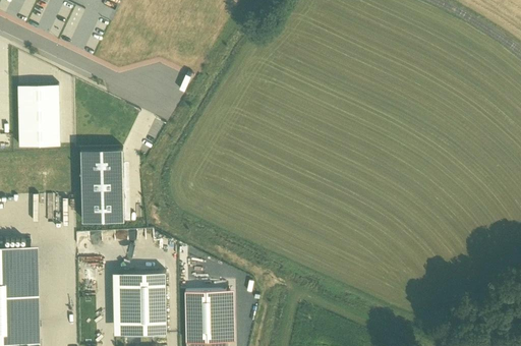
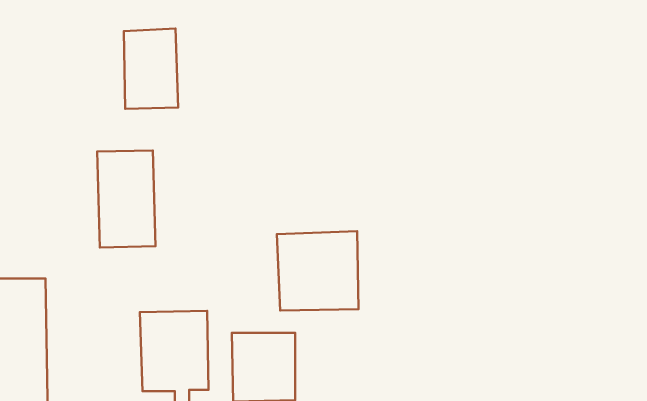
building: [17,85,60,149] -> [124,28,178,109]
building: none -> [277,231,359,311]

